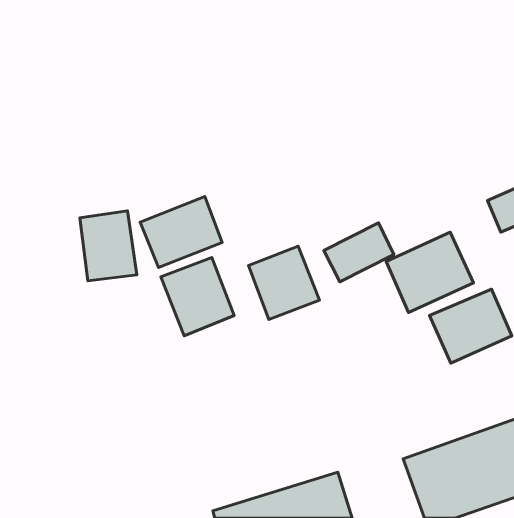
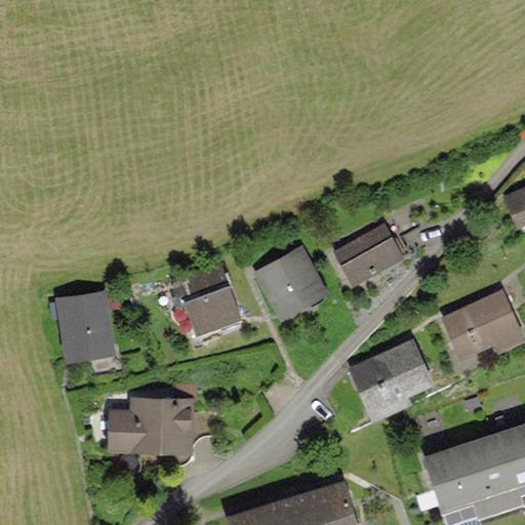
building: [140,197,222,268] -> none
building: [80,211,137,281] -> [65,291,122,362]
building: [386,232,474,312] -> [348,340,436,421]
building: none -> [111,406,188,455]

